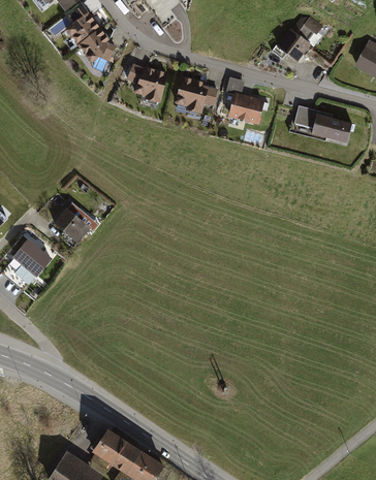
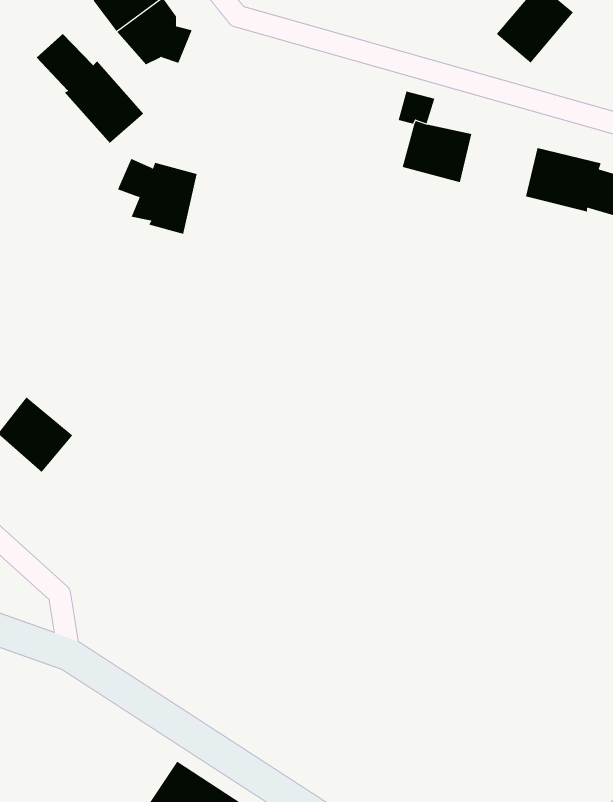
building: none -> [36,33,144,144]
building: [124,62,166,102] -> [117,158,197,235]
building: [174,72,218,113] -> none
building: [51,206,89,243] -> none

